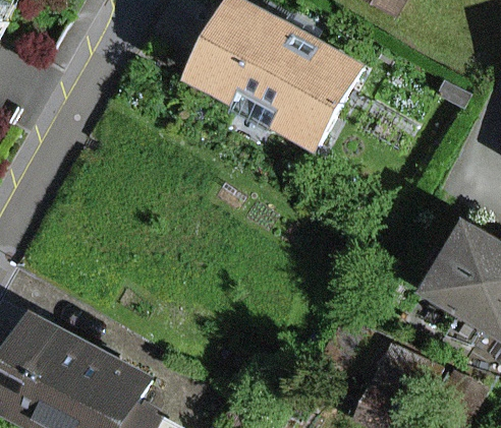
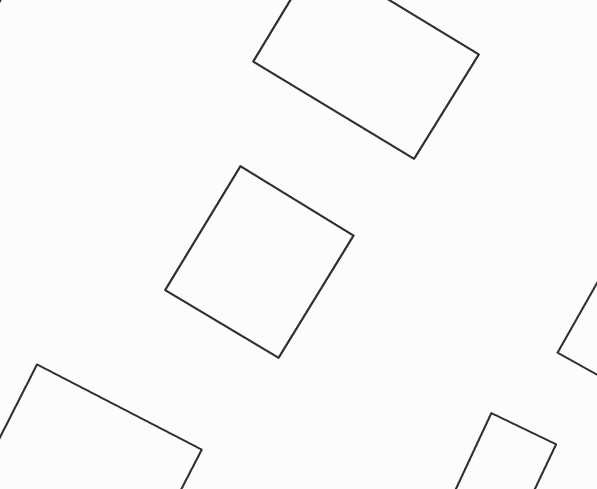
building: none -> [165,166,354,358]

